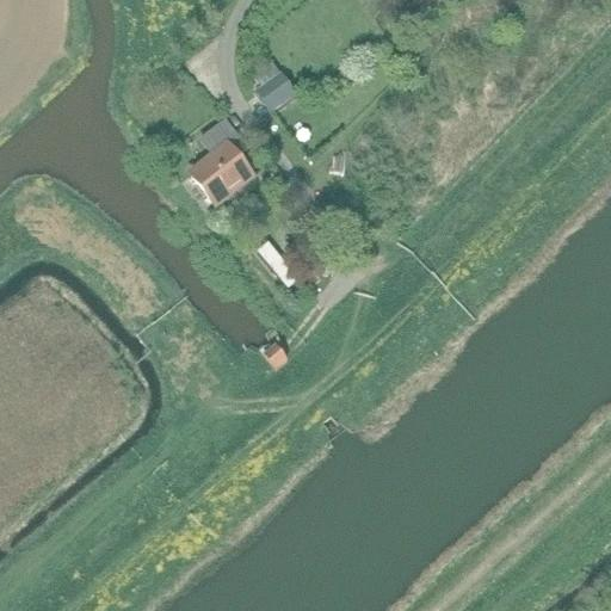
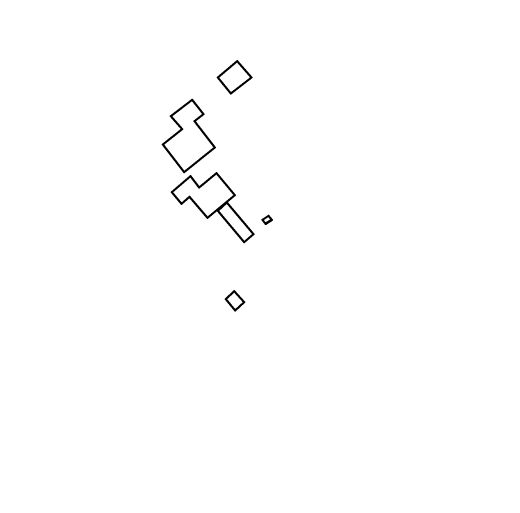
building: none -> [172,173,235,218]

